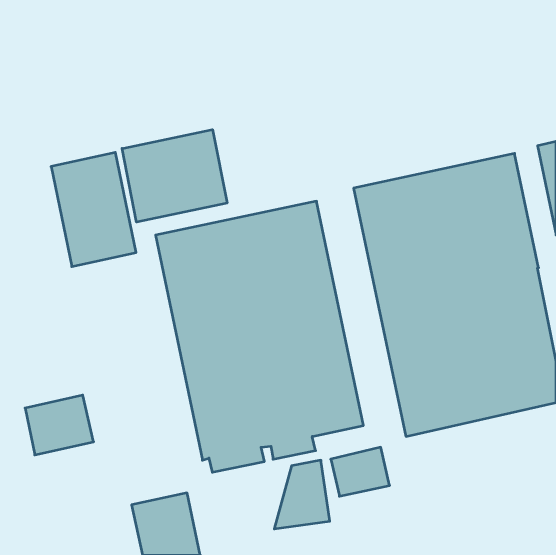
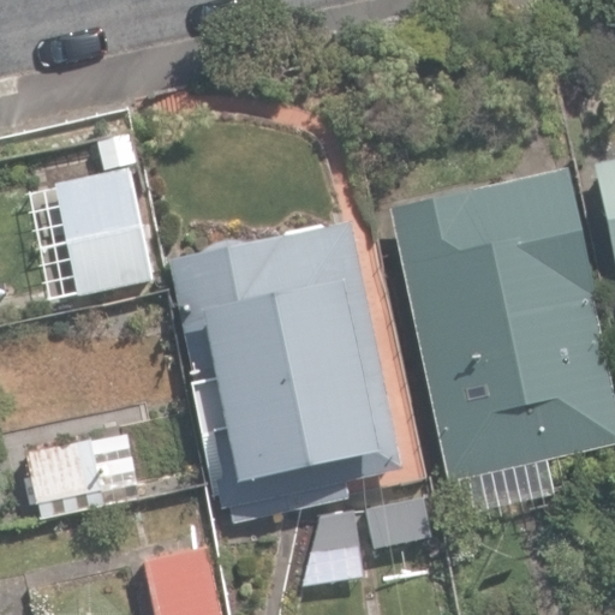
building: [122,130,227,222] -> none

